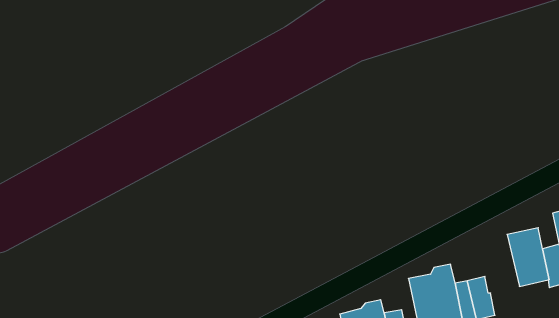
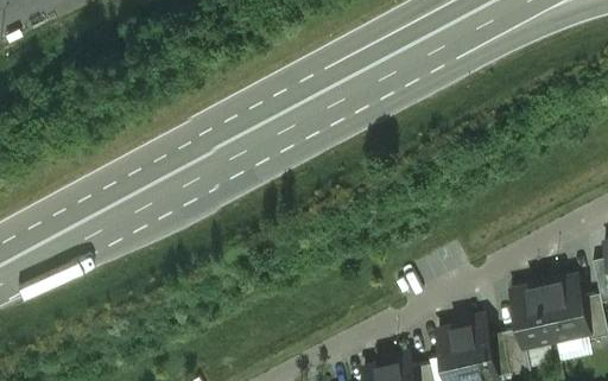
building: none -> [512,285,557,348]

